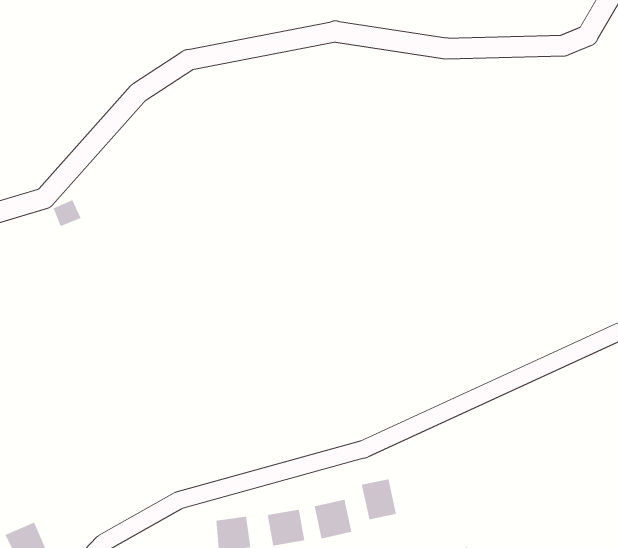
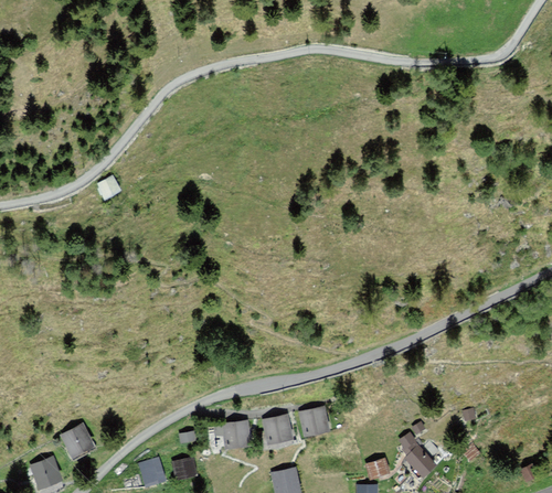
building: [361,478,397,520] -> none

